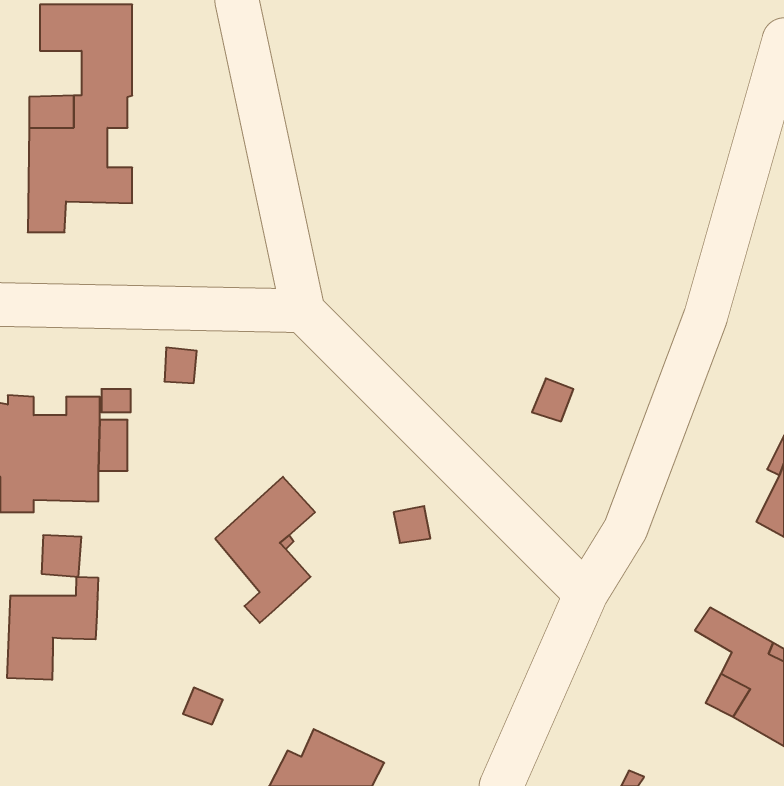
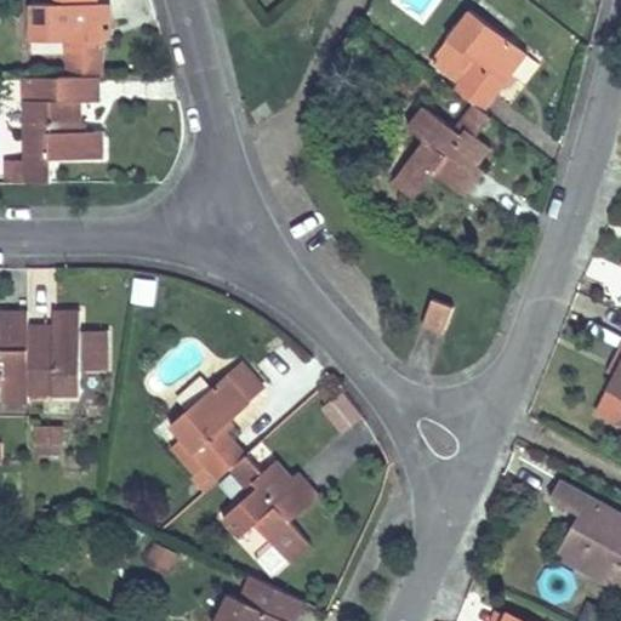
building: none -> [391,11,525,198]
building: [7,577,98,680] -> none
building: none -> [221,455,317,564]

